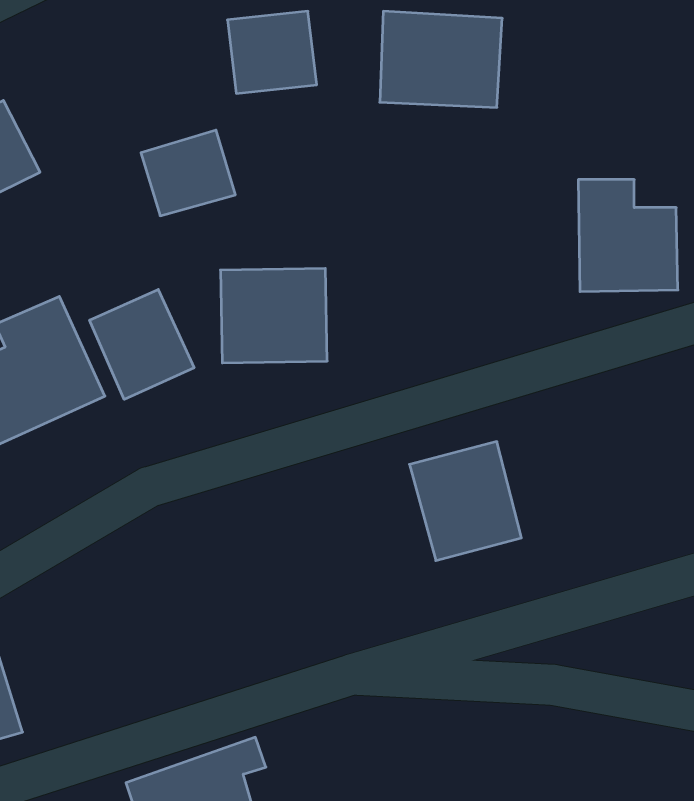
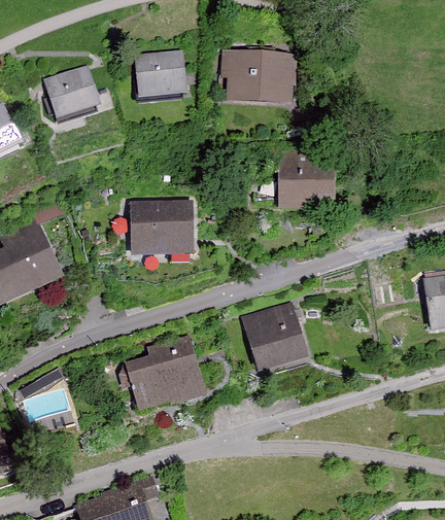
building: [141,130,235,216] -> [44,65,100,115]
building: [578,180,678,292] -> [277,146,336,212]
building: [90,289,194,399] -> none
building: none -> [125,335,205,413]

